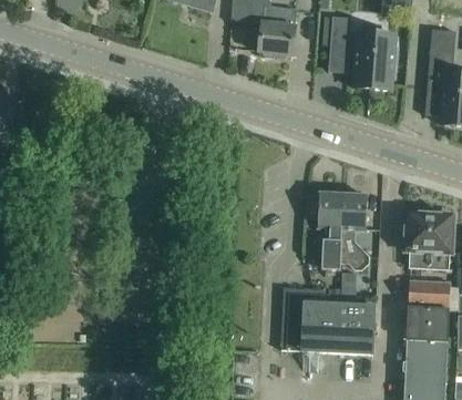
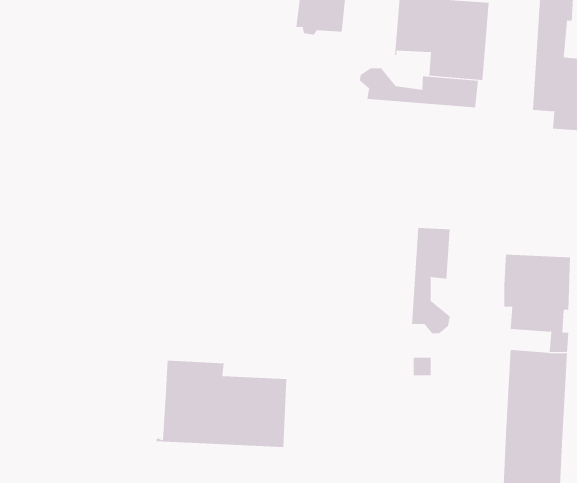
building: none -> [359,67,479,108]
building: [318,192,345,269] -> none
building: [281,291,374,353] -> [156,360,287,448]

